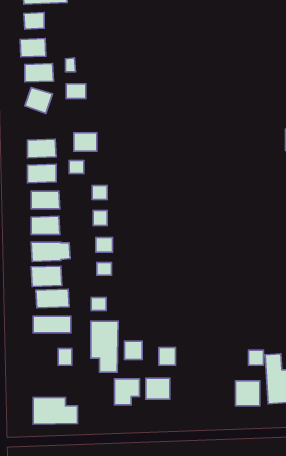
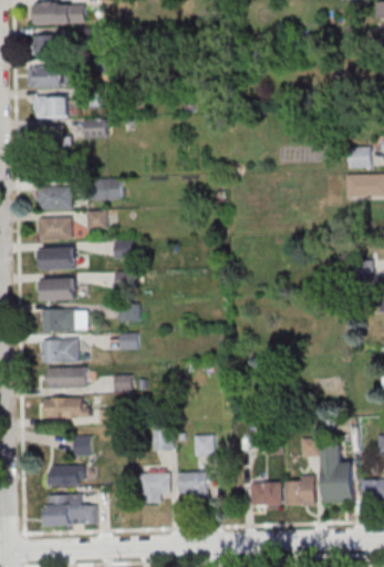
building: [91,321,118,372] -> none
building: none -> [48,466,83,486]
building: none -> [250,482,281,505]

